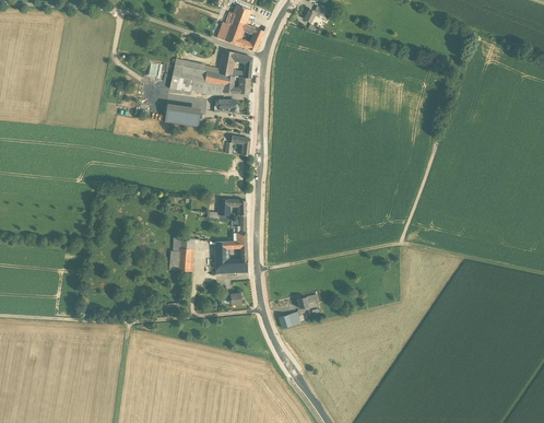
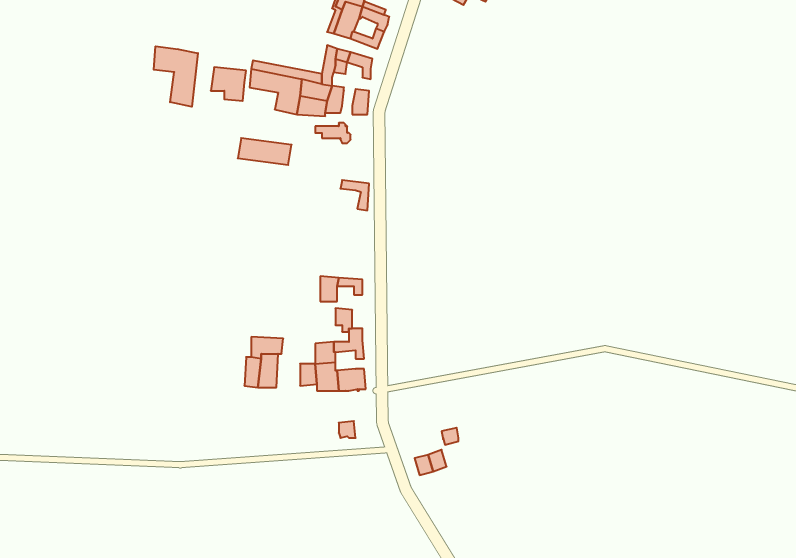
building: none -> [154,46,198,107]

